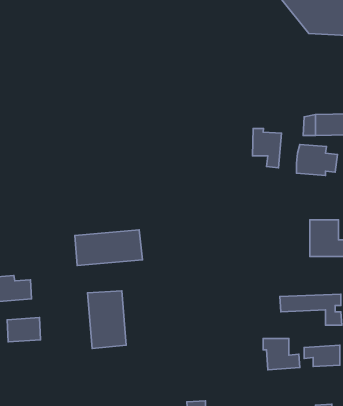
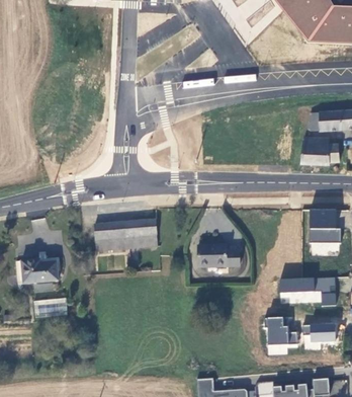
building: [253,129,282,168] -> none
building: none -> [195,247,237,270]
building: [88,291,126,348] -> none

